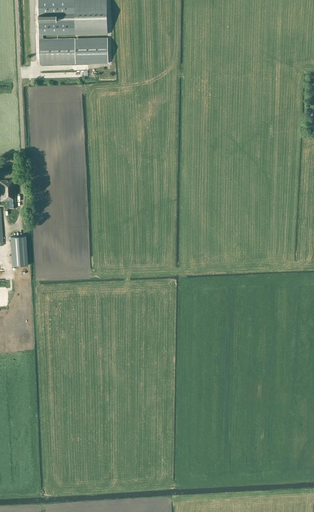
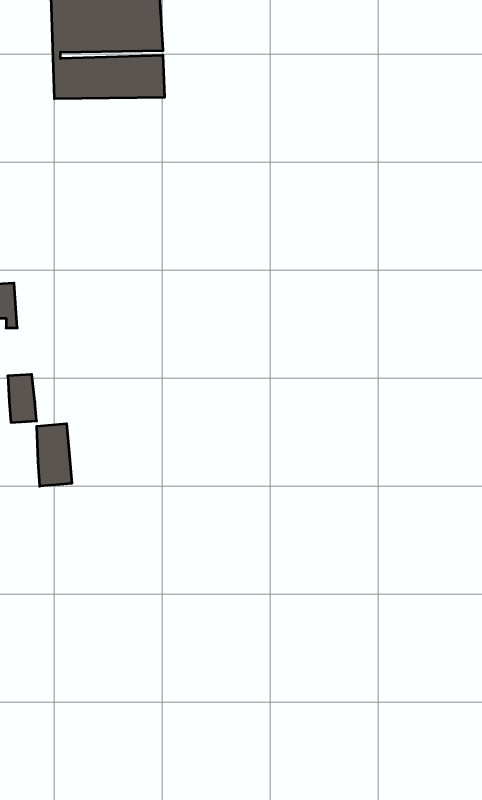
building: none -> [37,424,72,486]

